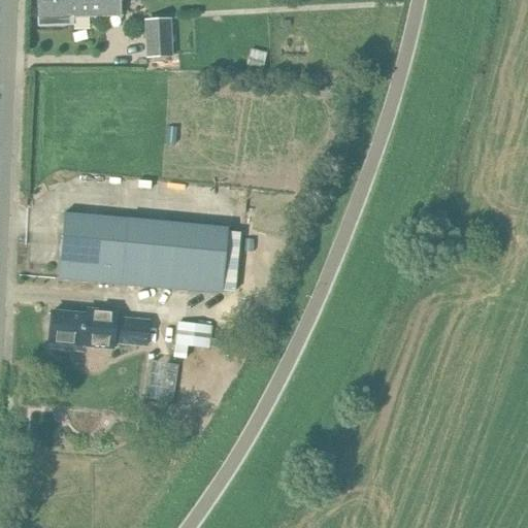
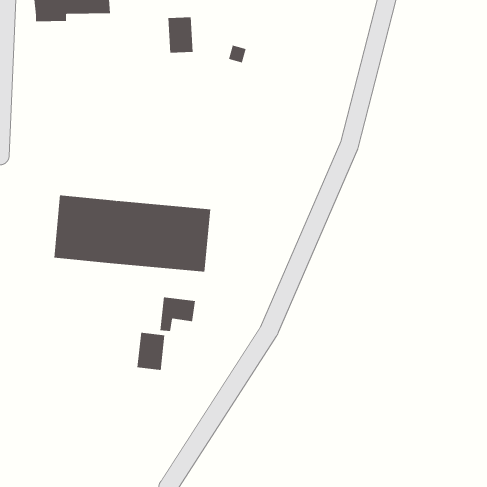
building: [145,18,173,57] -> [168,17,193,53]
building: [48,310,151,349] -> none

